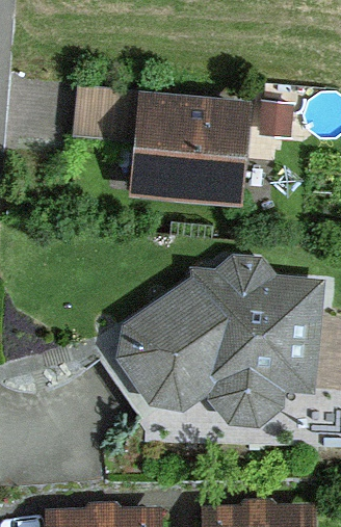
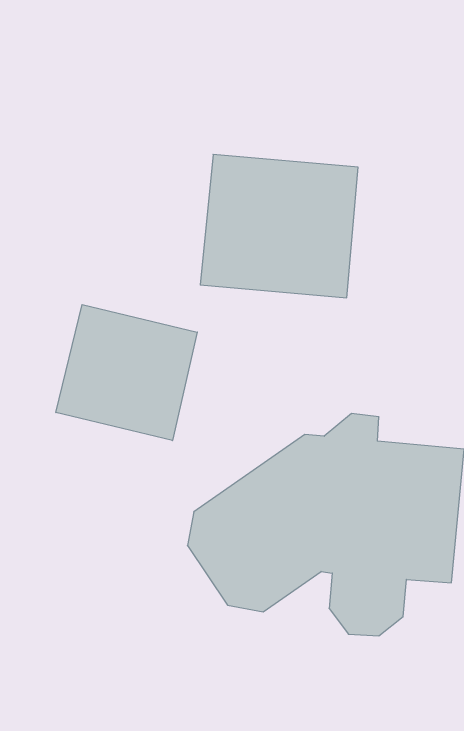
building: none -> [56,305,197,441]

